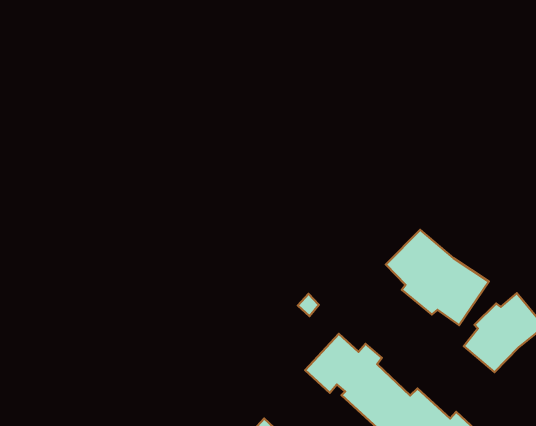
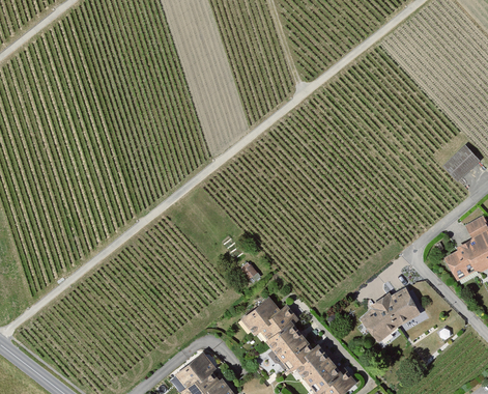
building: [386,230,489,325] -> none

